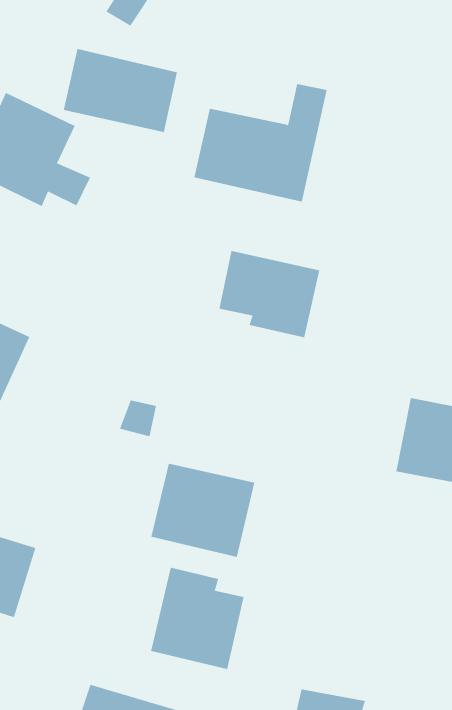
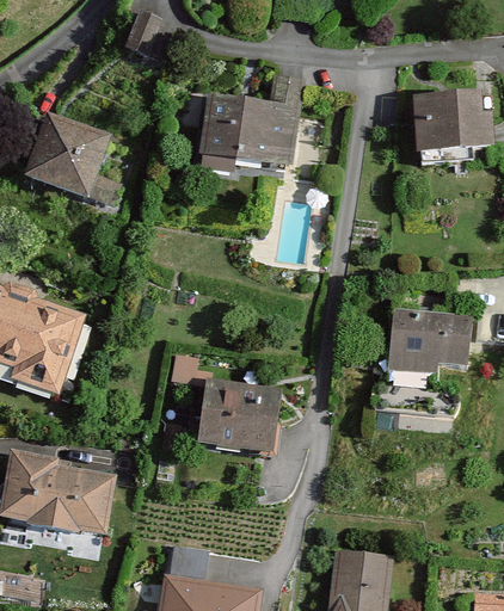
building: [63,48,178,133] -> none
building: [219,250,320,338] -> none
building: [150,567,244,670] -> none

